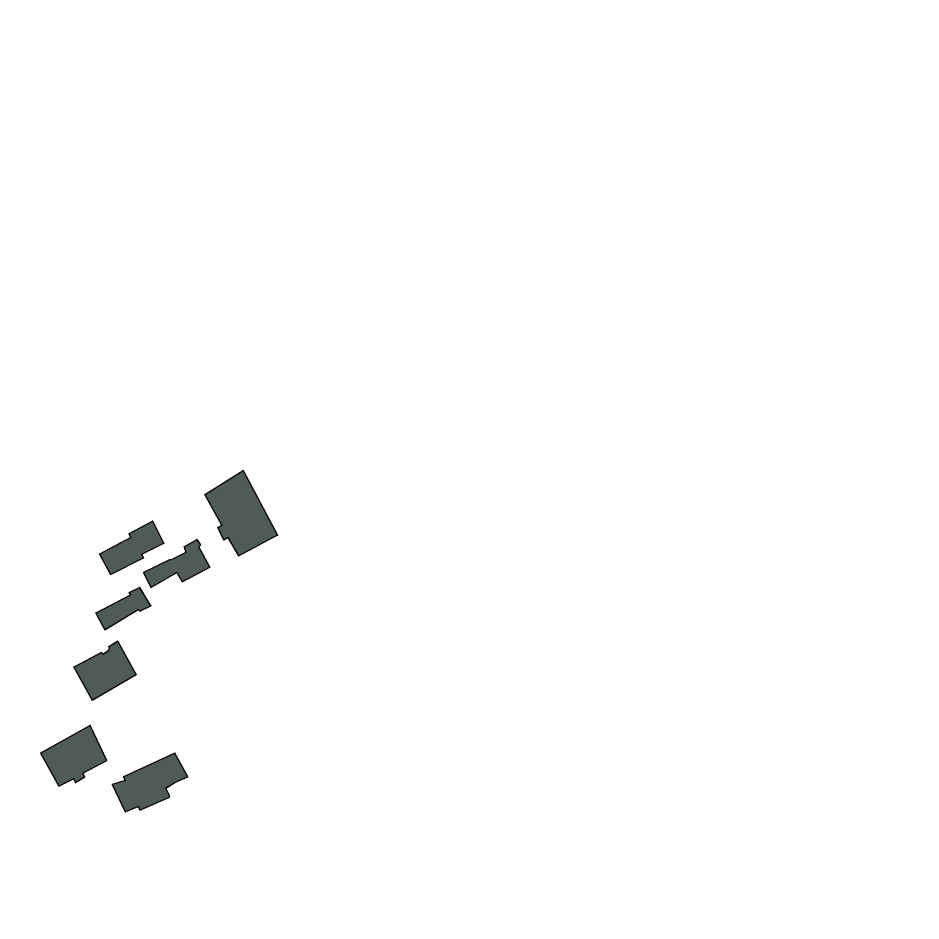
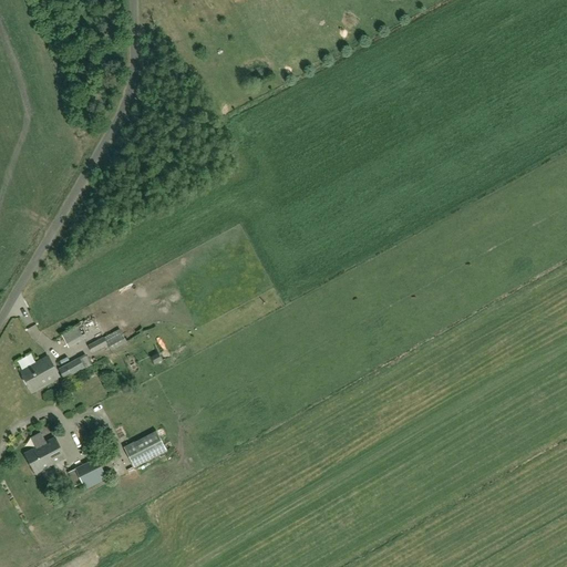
building: [205,470,278,556] -> none
building: [74,641,136,700] -> [20,355,58,391]
building: none -> [123,430,165,466]

